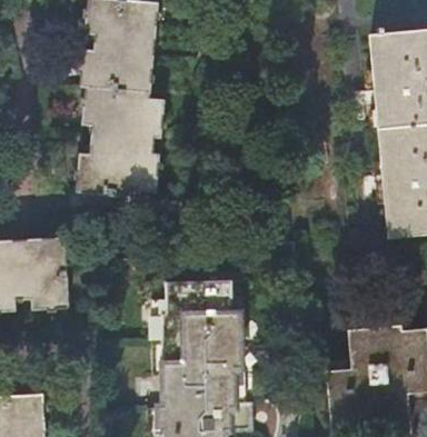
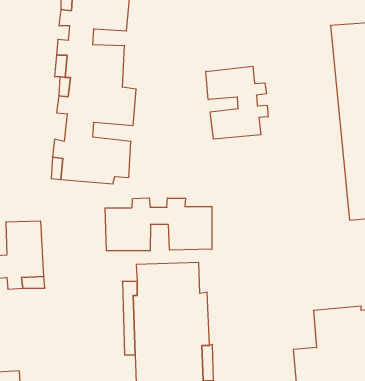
building: none -> [206,66,268,139]
building: none -> [105,198,212,251]

